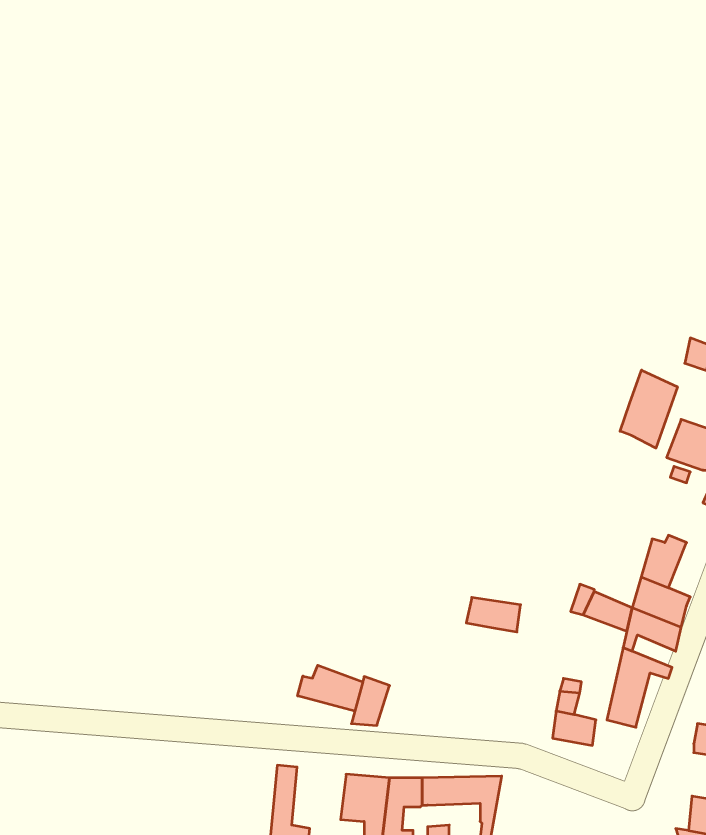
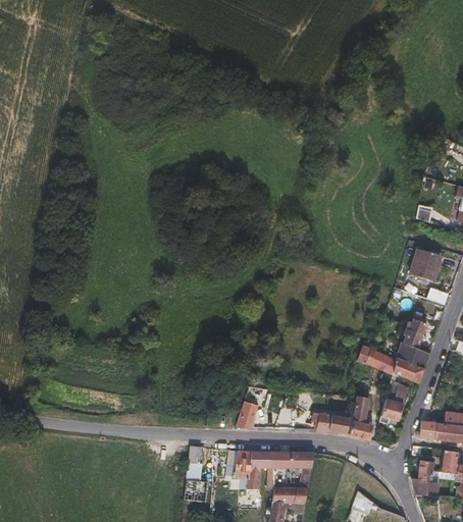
building: [620,370,677,448] -> none
building: [466,597,521,632] -> [313,410,344,429]
building: [298,665,363,711] -> none

